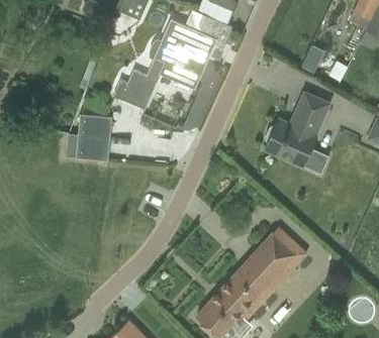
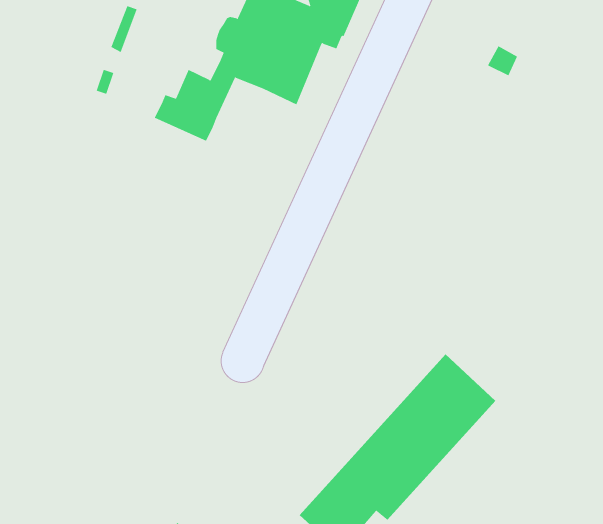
building: [264,92,330,167] -> none
building: [65,116,111,159] -> none

